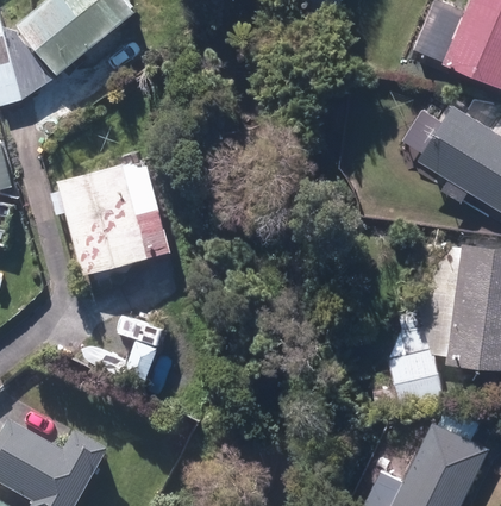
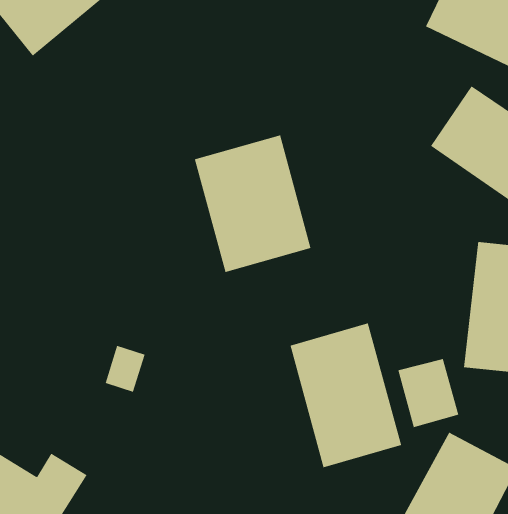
building: none -> [194,135,311,273]
building: [52,156,175,275] -> none
building: none -> [290,322,402,468]

